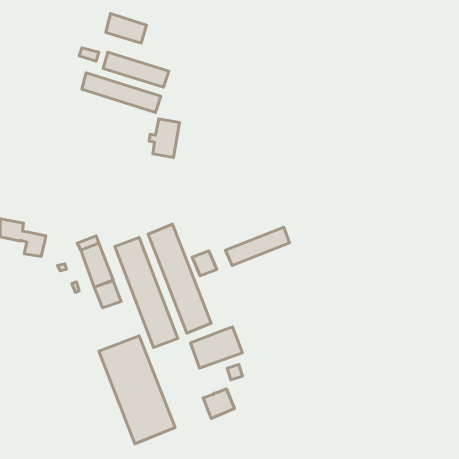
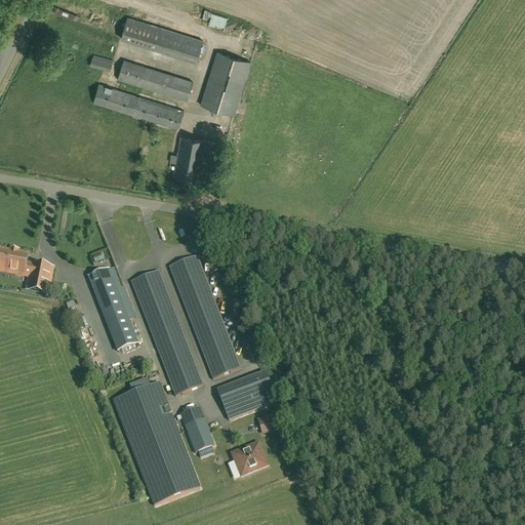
building: none -> [161,29,203,60]
building: none -> [201,50,250,114]
building: [226,227,289,266] -> none
building: [192,251,217,276] -> none
building: none -> [180,407,214,452]

